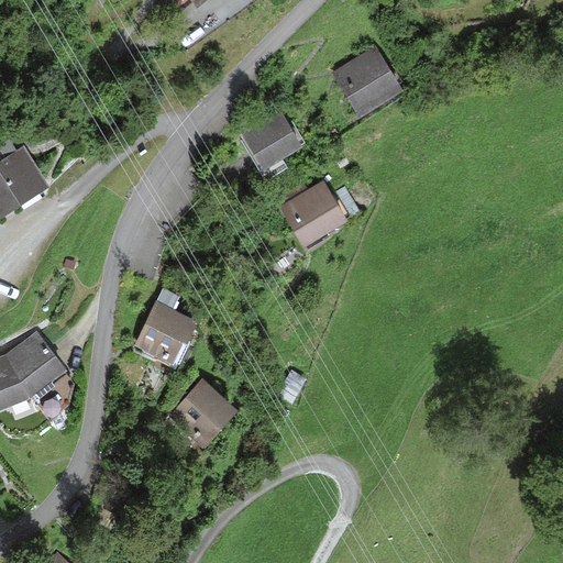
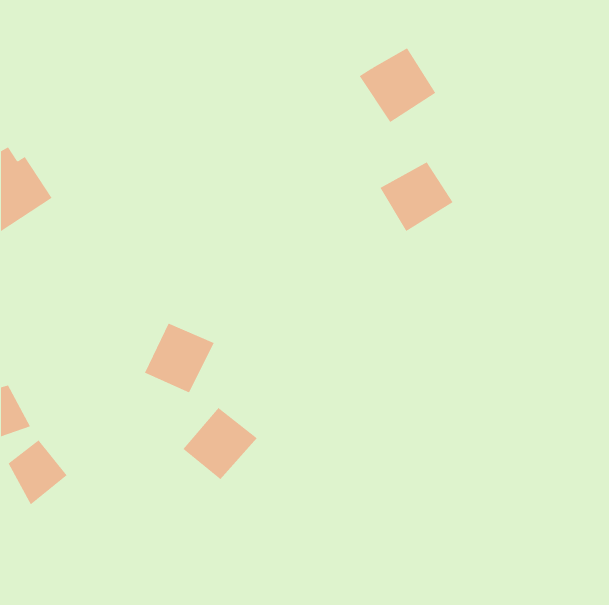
building: [241,108,303,168] -> none
building: [279,183,347,247] -> [380,162,453,232]
building: [8,336,63,397] -> [8,440,67,505]

